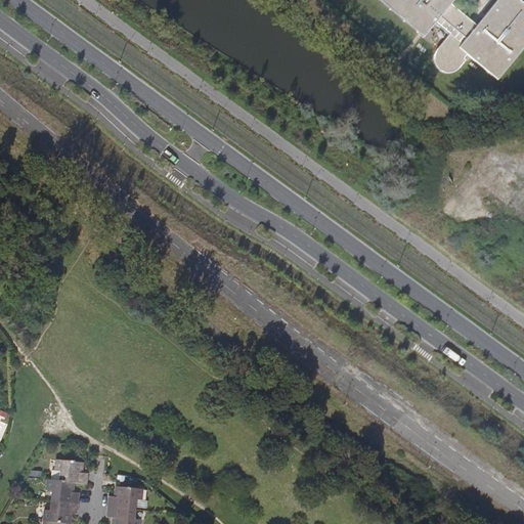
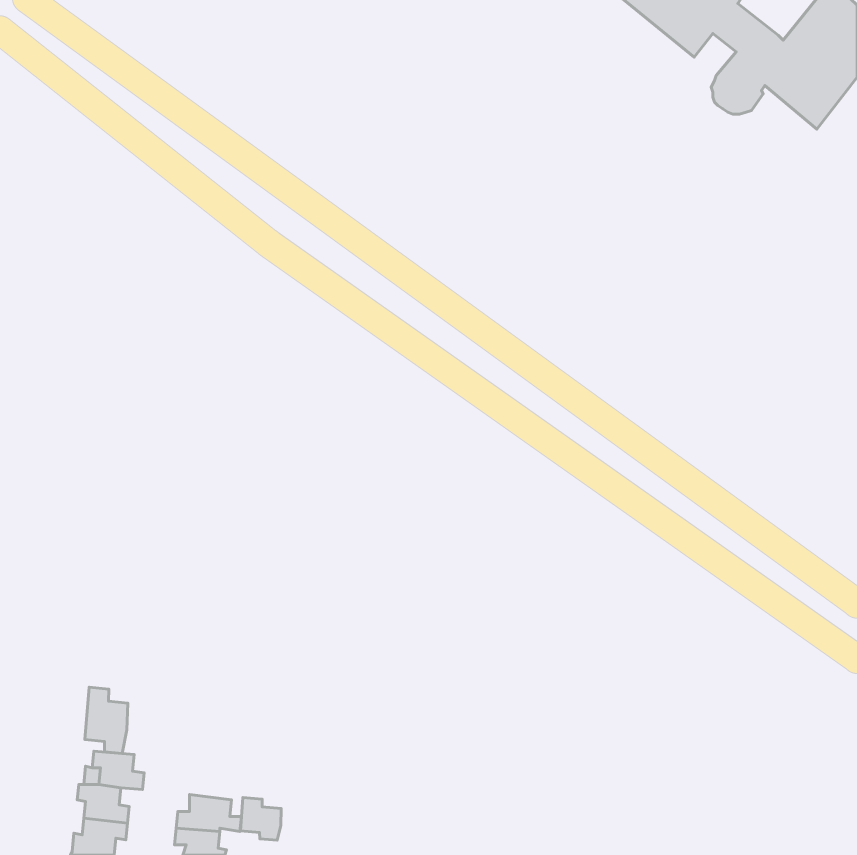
building: none -> [85,687,128,753]
building: none -> [240,798,281,840]

